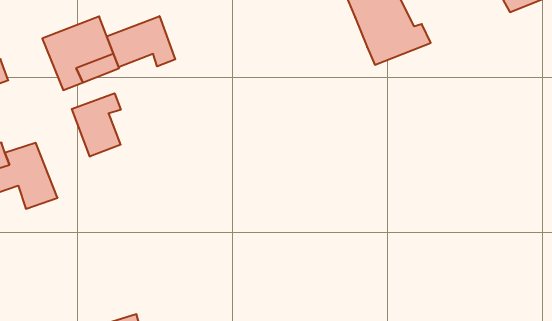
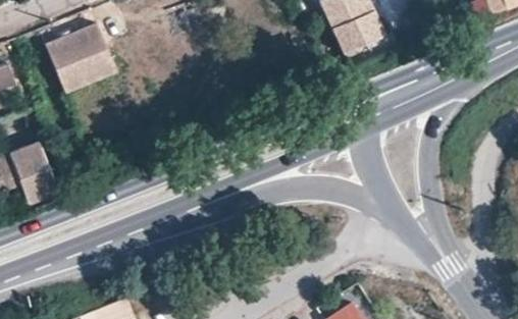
building: [107,16,175,67] -> none
building: [72,93,121,157] -> none

